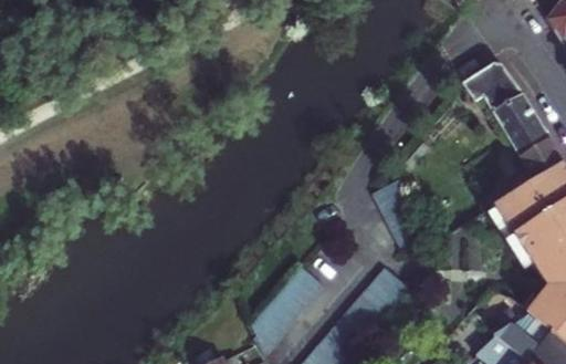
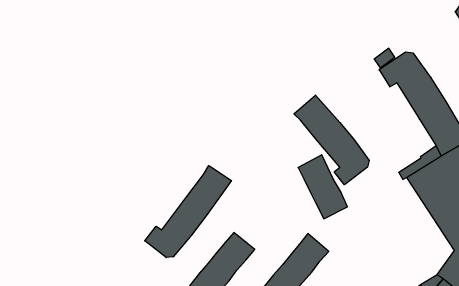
building: none -> [294,95,369,185]
building: none -> [145,166,231,258]

